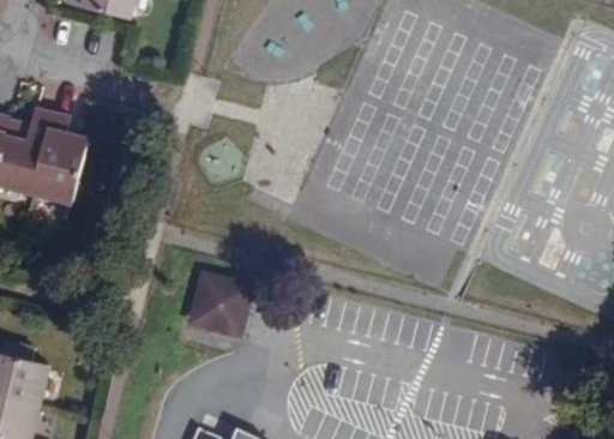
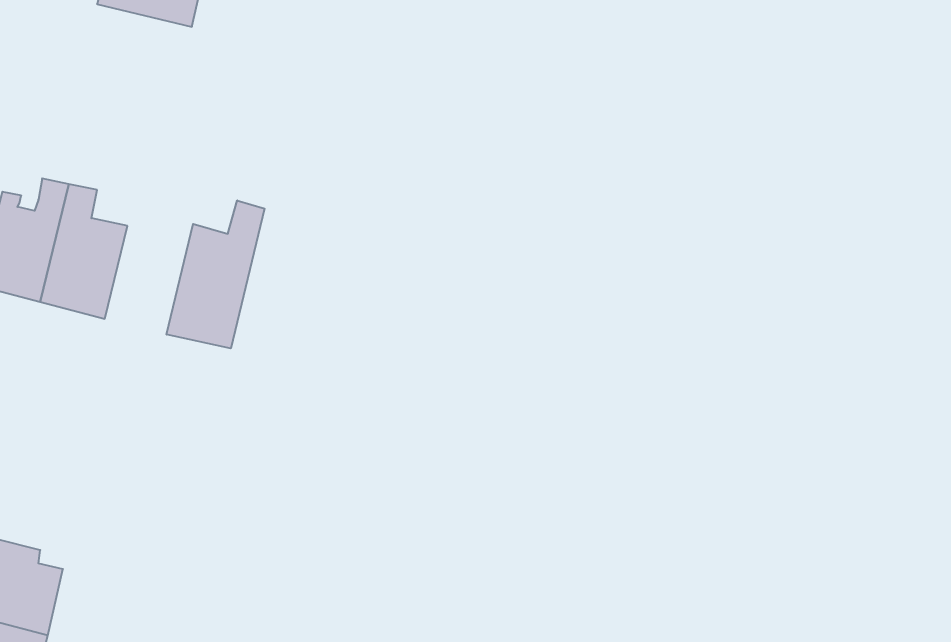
building: none -> [167,200,265,348]
building: [188,273,254,337] -> none

